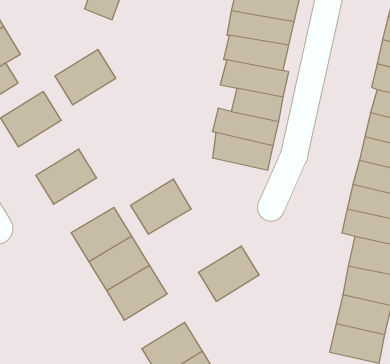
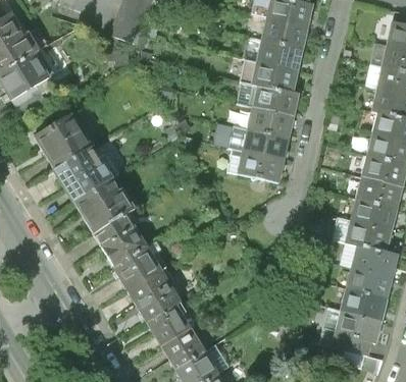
building: [55,50,116,105] -> [47,137,103,187]
building: [131,179,191,234] -> [80,189,136,240]
building: [198,246,259,301] -> [145,296,201,347]

